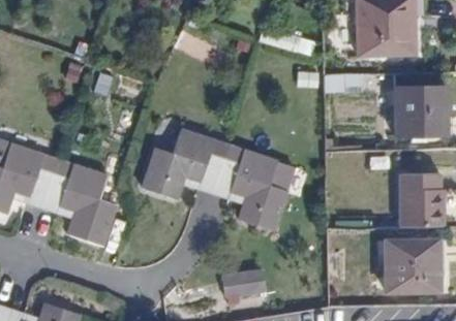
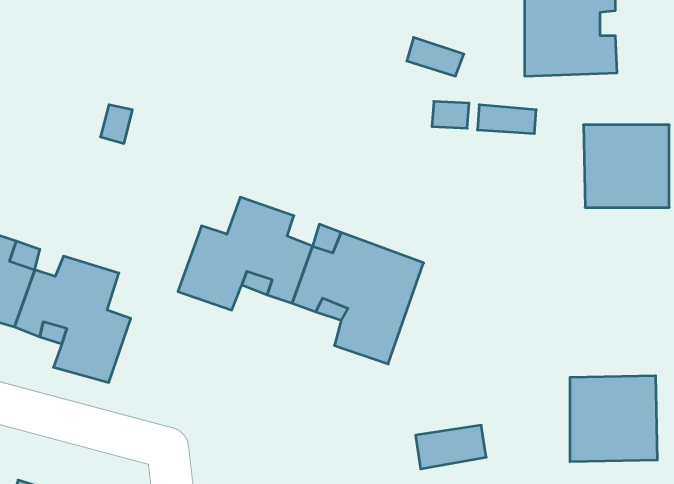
building: [398,173,444,227] -> none
building: [222,271,266,298] -> [416,425,486,469]

